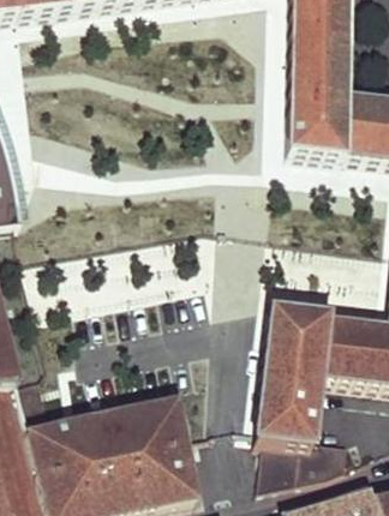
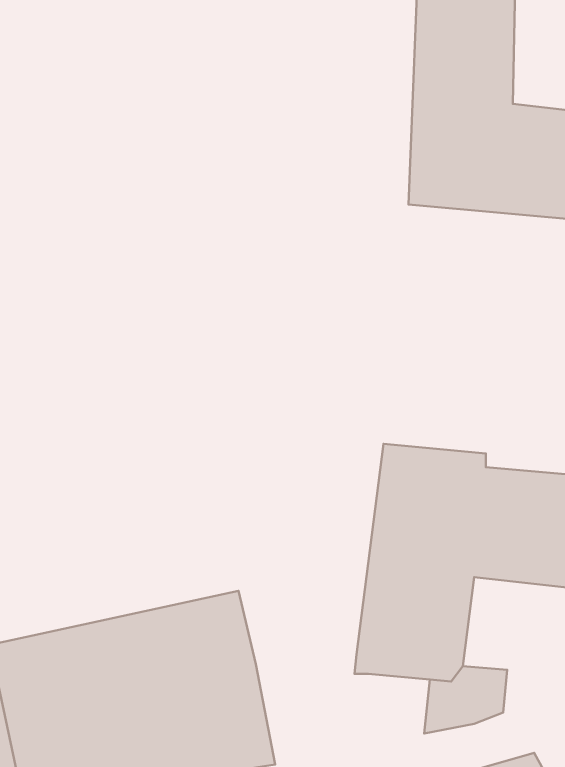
building: [258,444,301,490] -> none

